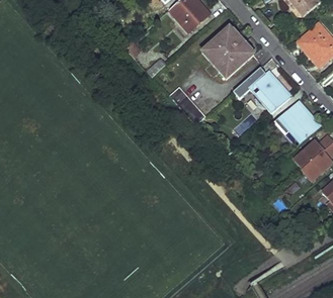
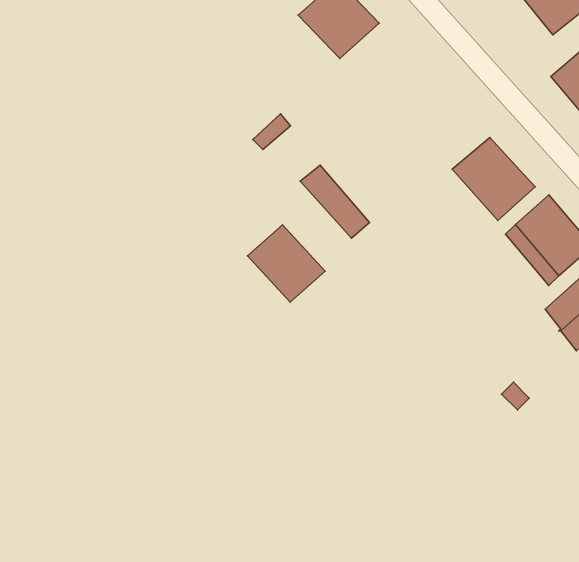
building: [202,25,254,78] -> none
building: none -> [248,225,325,302]

